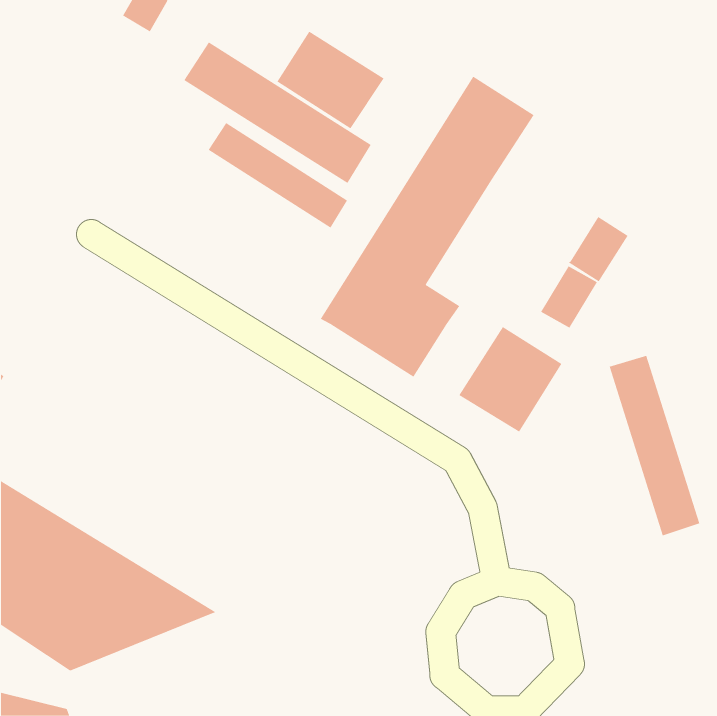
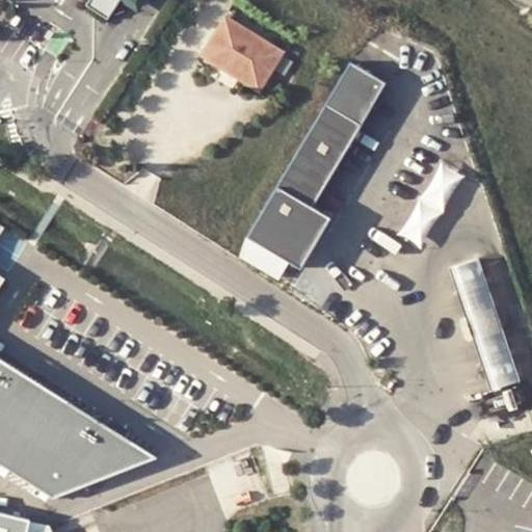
building: [183,41,371,184] -> none
building: [208,122,348,229] -> none
building: [459,326,562,432] -> none

